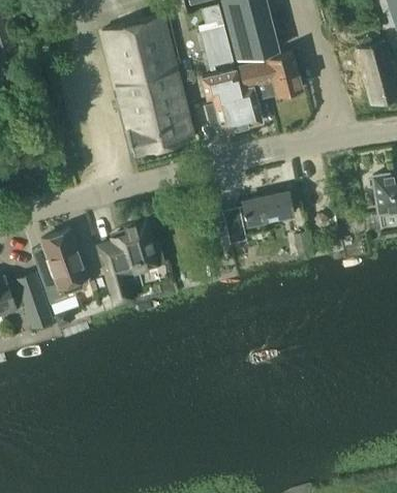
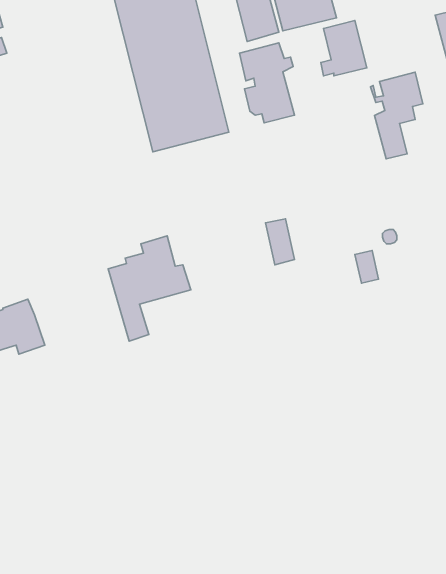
building: [233,59,274,127] -> [370,72,423,159]
building: [242,192,293,224] -> none
building: [37,230,88,304] -> none

